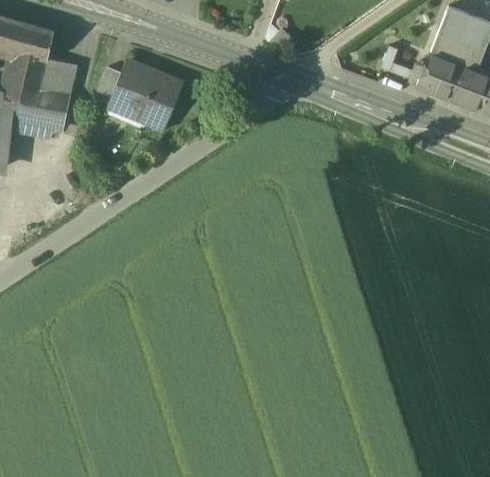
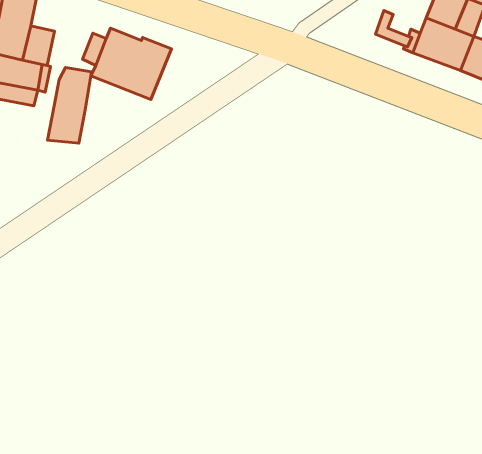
building: none -> [48,68,91,143]

